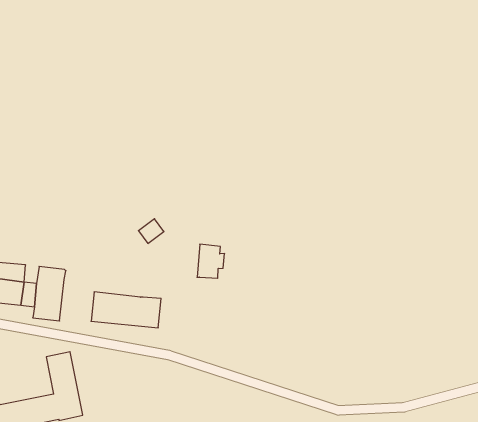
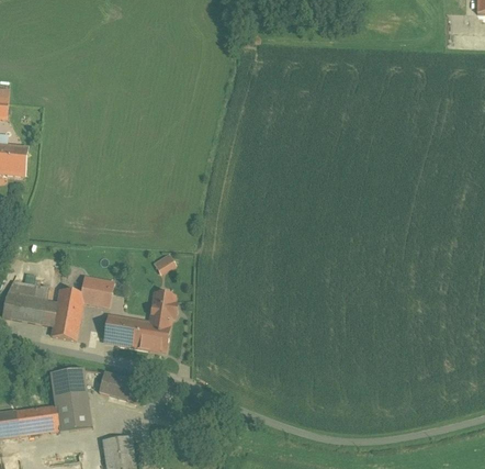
building: [197,244,225,278] -> [149,292,176,324]
building: none -> [81,277,111,305]
building: none -> [98,371,140,401]

